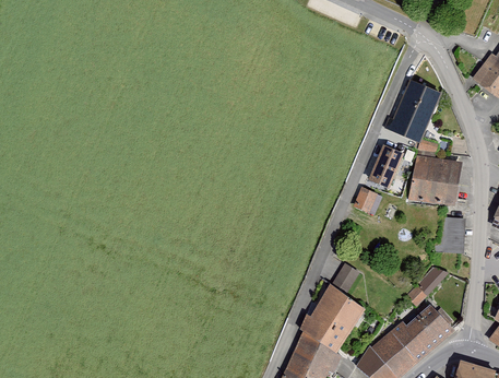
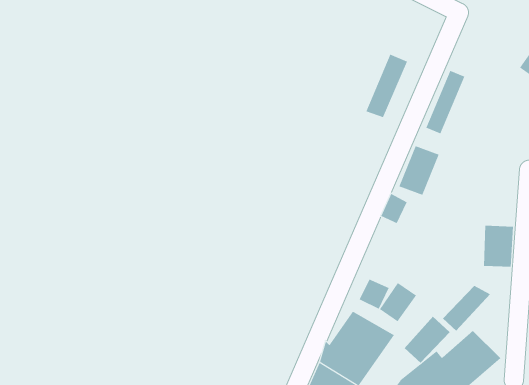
building: [405,87,441,142] -> [365,54,408,118]
building: [408,153,464,206] -> none
building: none -> [379,282,417,322]
building: none -> [404,316,450,364]

